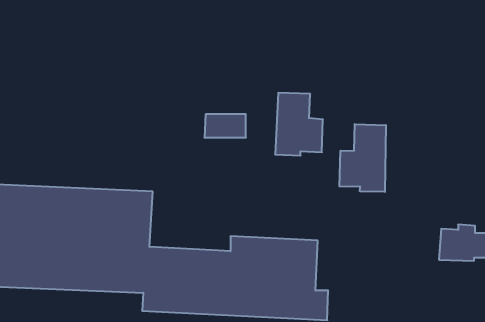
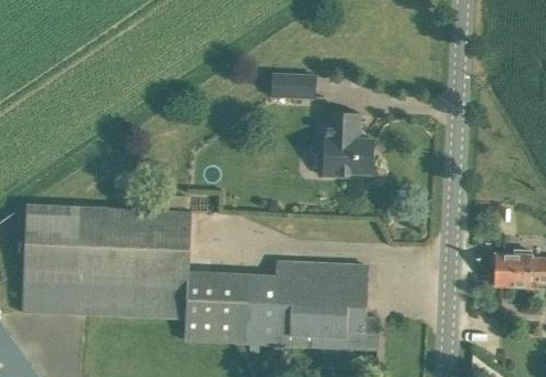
building: [204,114,246,138] -> [271,74,314,98]
building: [339,124,386,192] -> none

